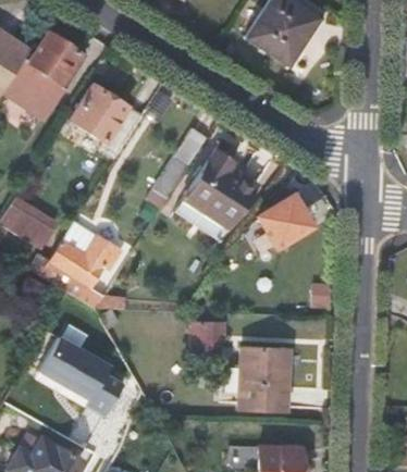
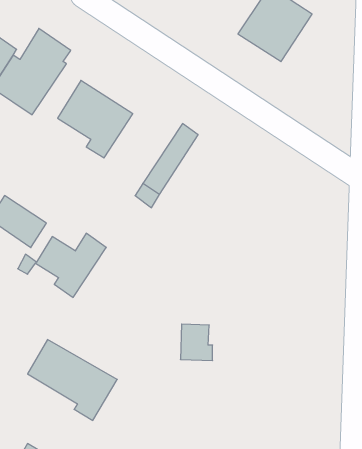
building: [174,149,257,244] -> none
building: [257,196,309,249] -> none
building: [236,346,288,412] -> none

